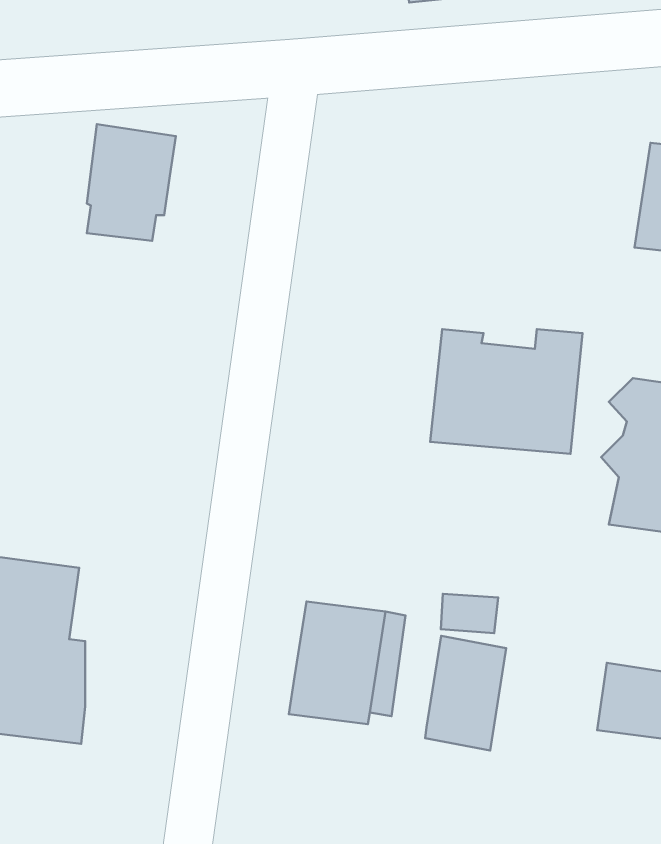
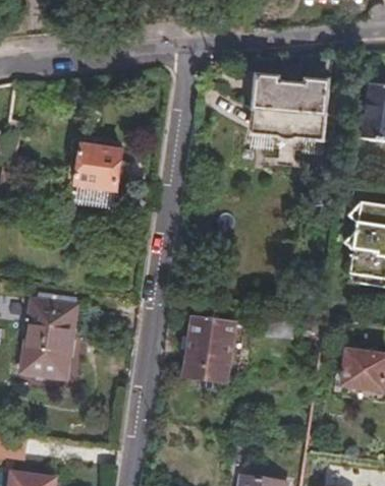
building: [87,124,176,241] -> [75,143,121,203]
building: [430,329,582,454] -> [251,79,329,143]
building: [425,636,506,751] -> none

